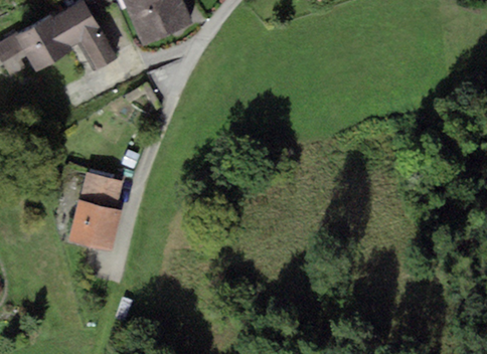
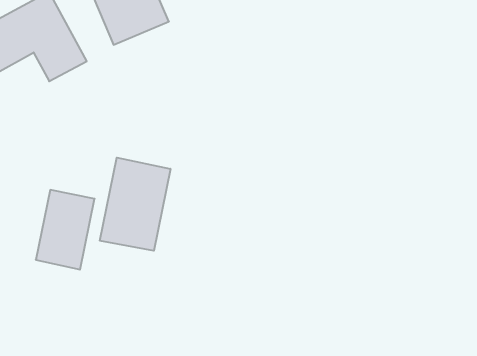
building: none -> [100,158,170,251]

